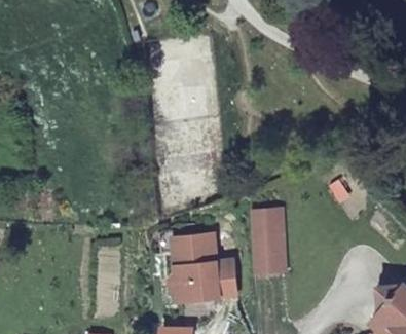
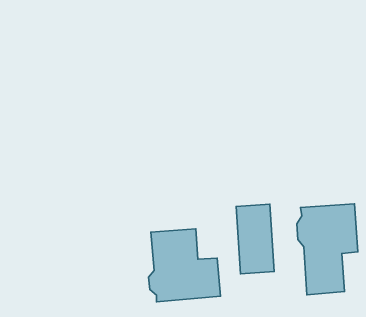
building: none -> [297,204,358,295]

